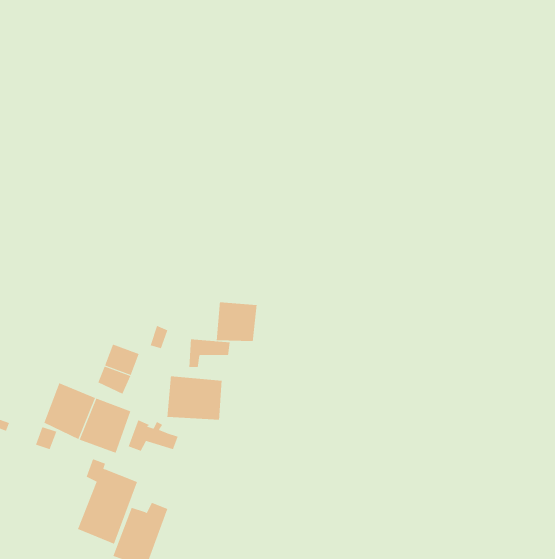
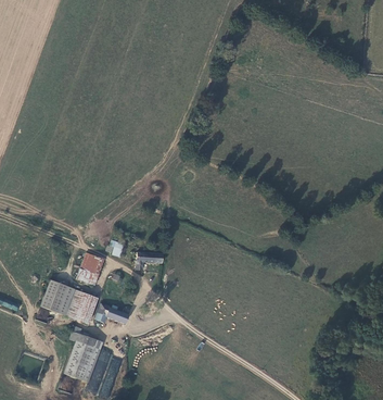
building: [216,302,257,342] -> none
building: [167,376,222,420] -> none

